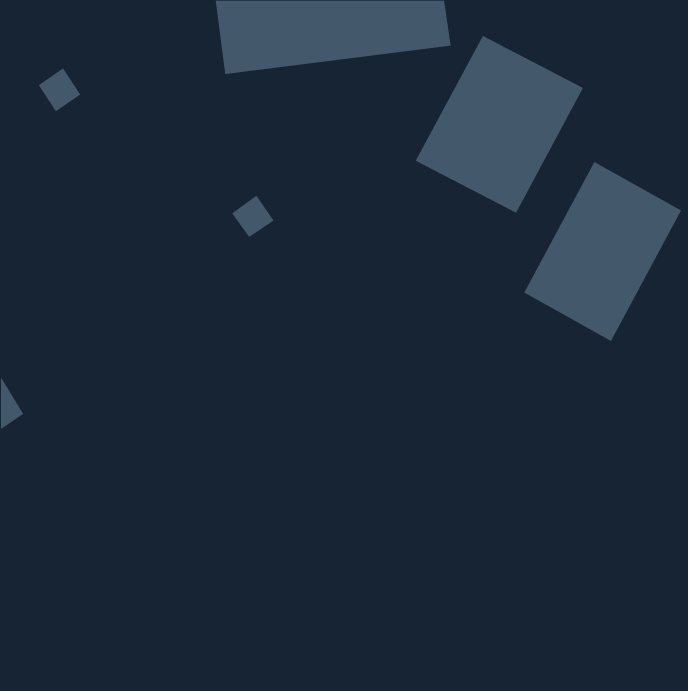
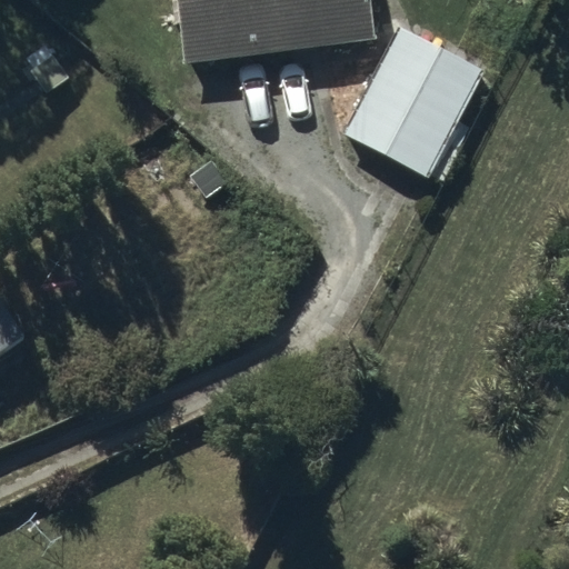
building: [523,161,682,342] -> none

